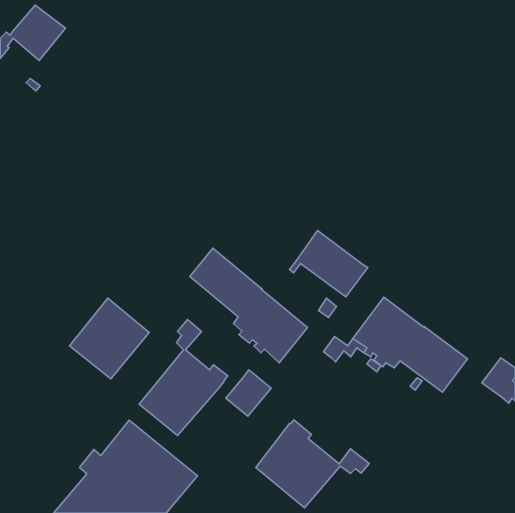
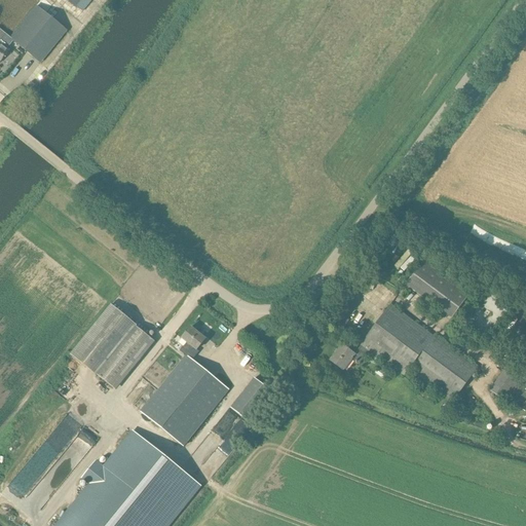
building: [289,230,368,297] -> [399,253,479,321]
building: [190,248,308,363] -> none
building: [256,420,369,508] -> none

